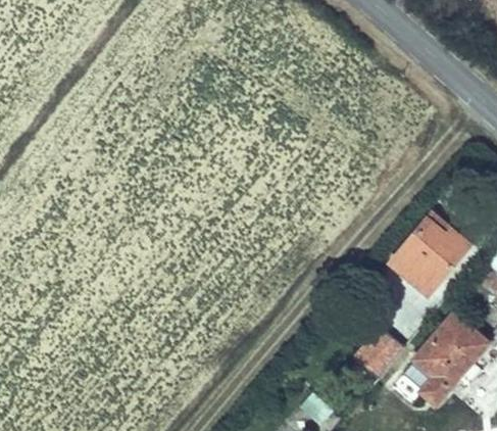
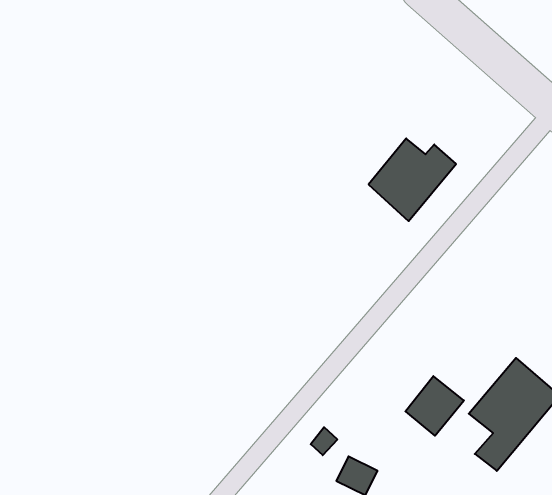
building: [393,224,466,293] -> [369,138,456,221]

